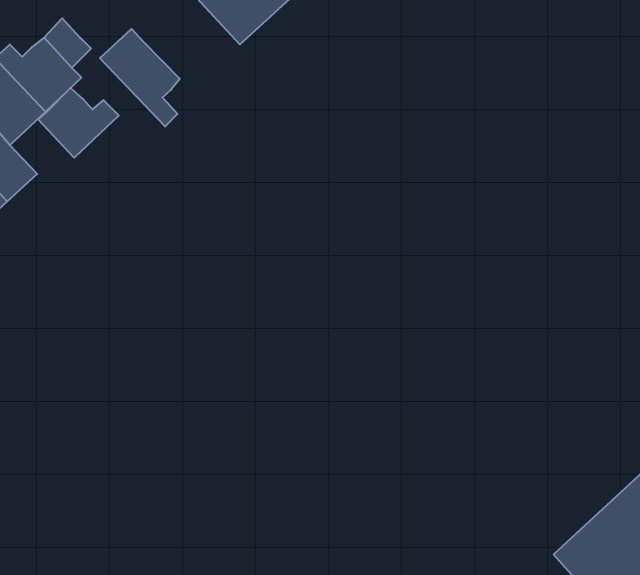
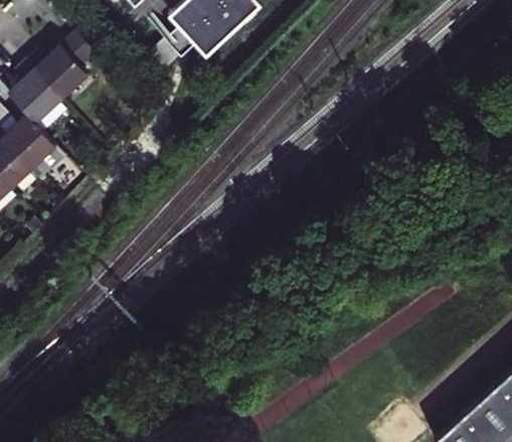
building: [100,29,180,127] -> none
building: [38,88,119,158] -> none

